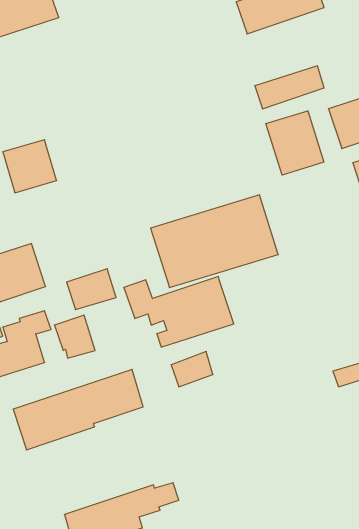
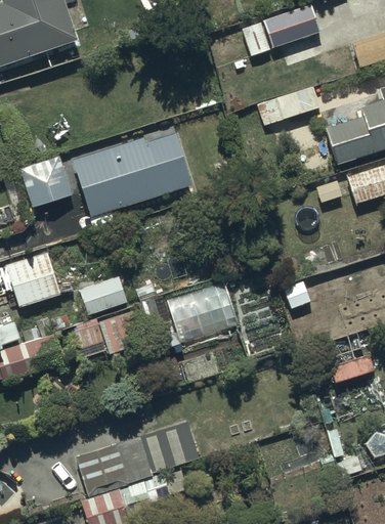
building: [266,111,324,175] -> none
building: [151,195,278,288] -> [75,129,194,215]
building: [13,369,143,450] -> [75,425,196,499]

